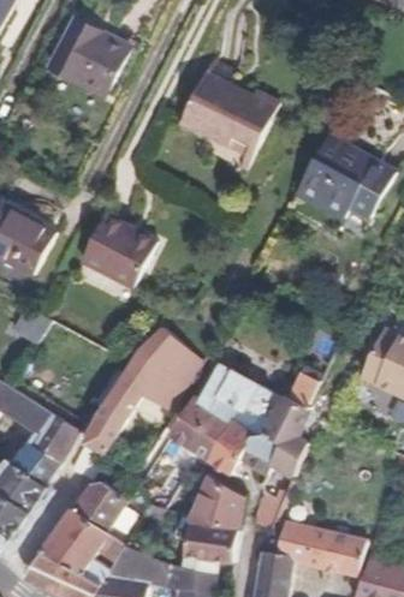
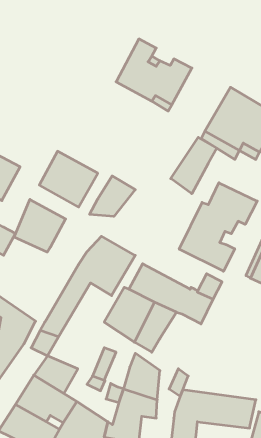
building: [53,20,133,96] -> none
building: none -> [171,137,217,194]
building: none -> [90,176,135,216]
building: none -> [179,183,257,271]
building: none -> [14,199,66,252]
building: [239,422,303,473] -> none

